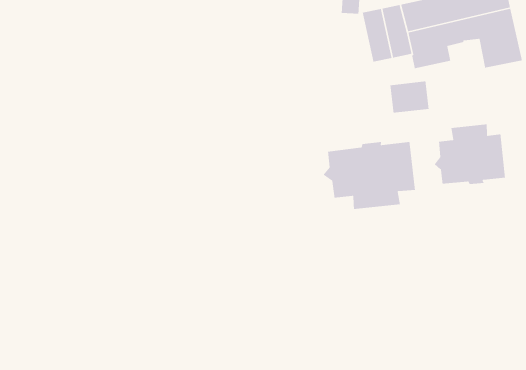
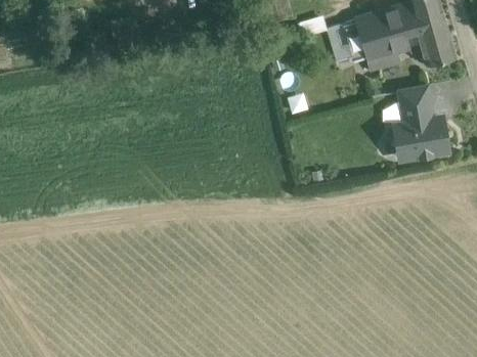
building: [390,81,430,114] -> [398,86,431,114]
building: [322,141,416,210] -> none

